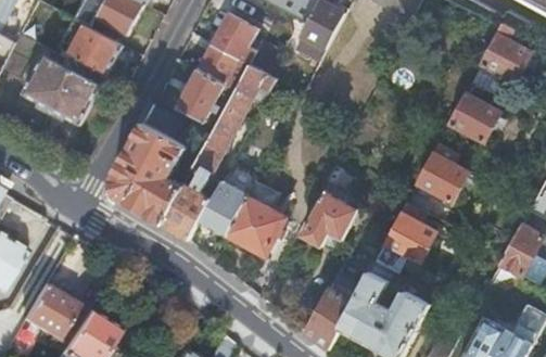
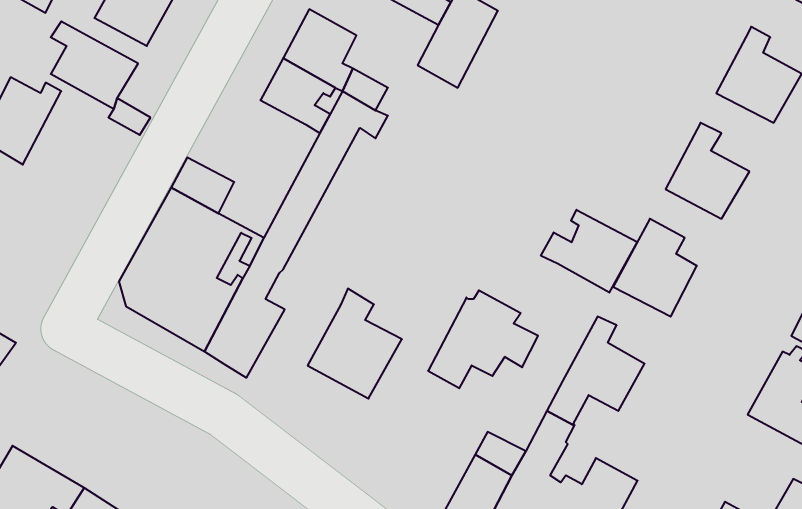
building: [49,62,99,123] -> none
building: [176,67,225,122] -> none
building: none -> [541,210,637,293]
building: [198,180,246,237] -> none

